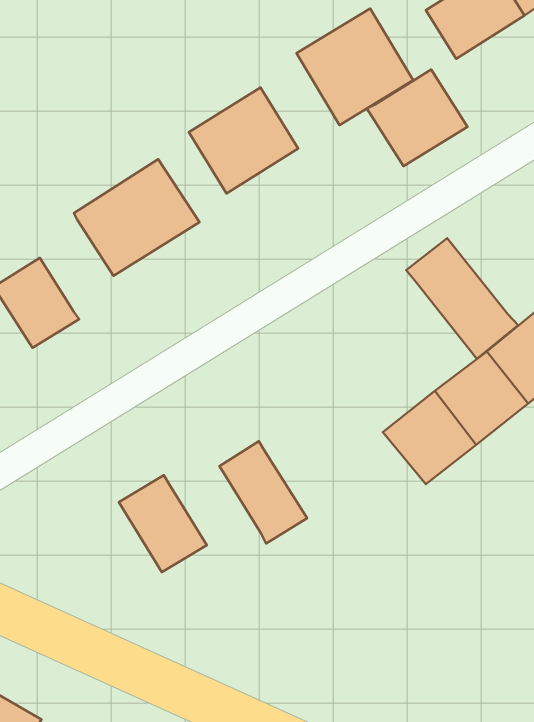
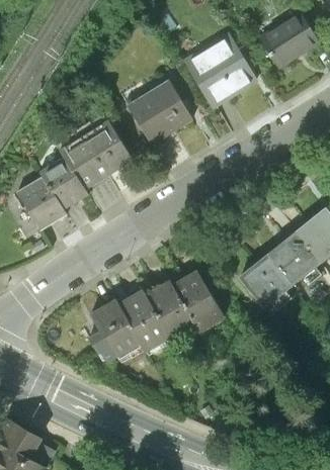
building: [367,69,468,166] -> none
building: none -> [40,158,88,209]
building: [406,238,518,359] -> none
building: none -> [170,272,224,332]
building: none -> [116,291,168,349]

